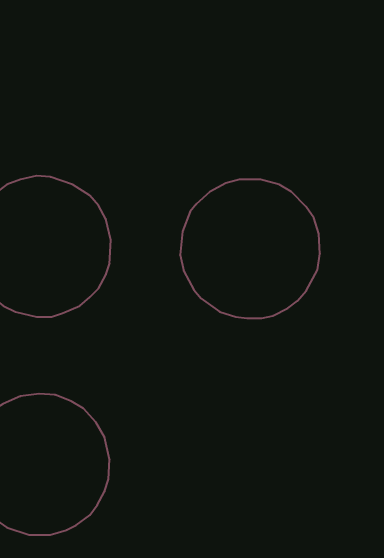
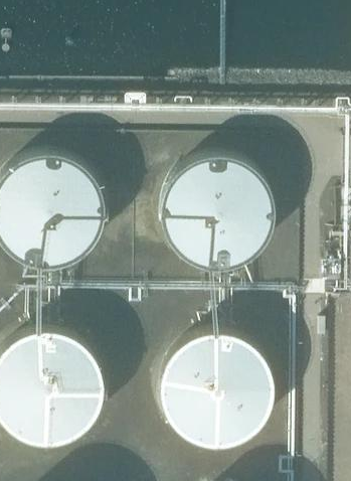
building: none -> [161,334,275,448]

